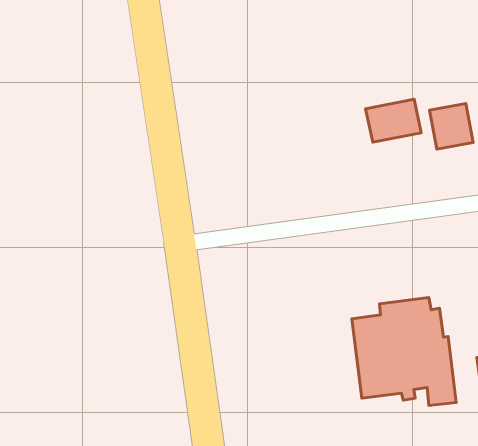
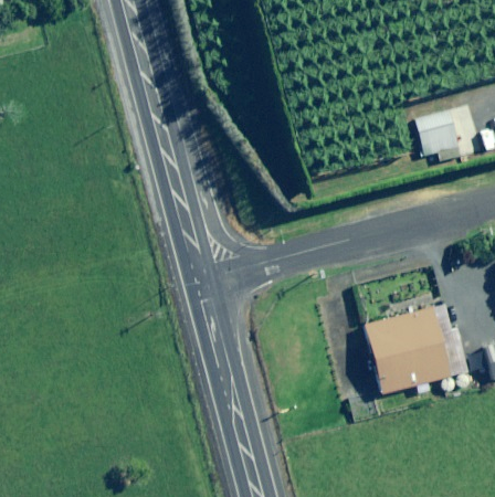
building: [366,99,421,142] -> none

